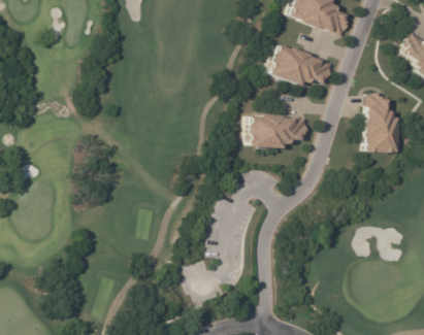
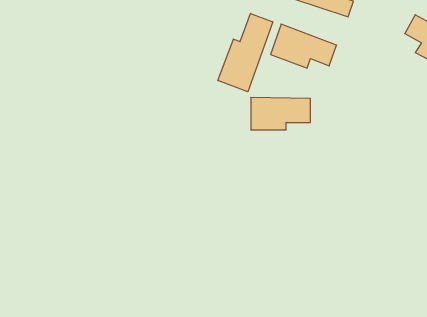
building: none -> [218,13,273,92]
building: [365,94,398,153] -> none

